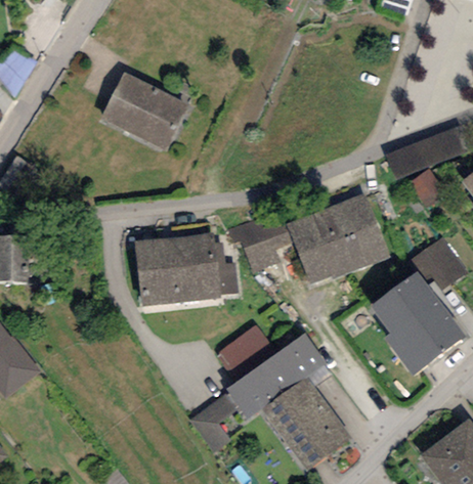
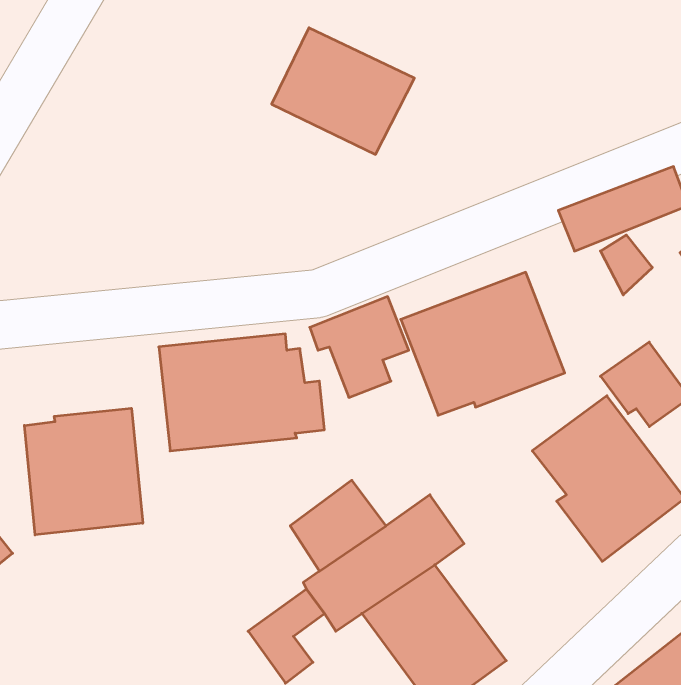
building: [99,71,189,150] -> [272,28,414,154]
building: none -> [24,408,143,535]

